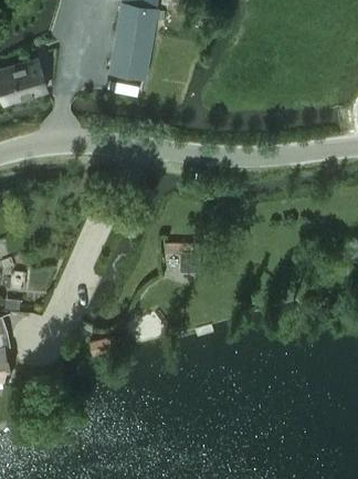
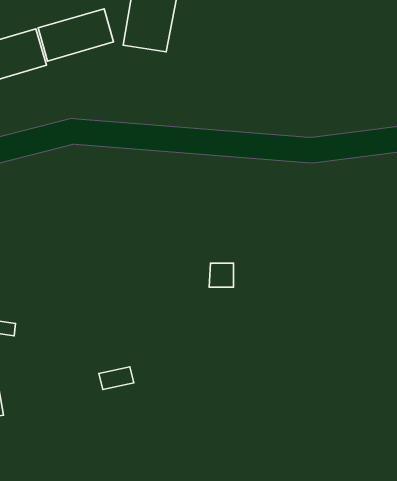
building: none -> [38,9,113,61]

